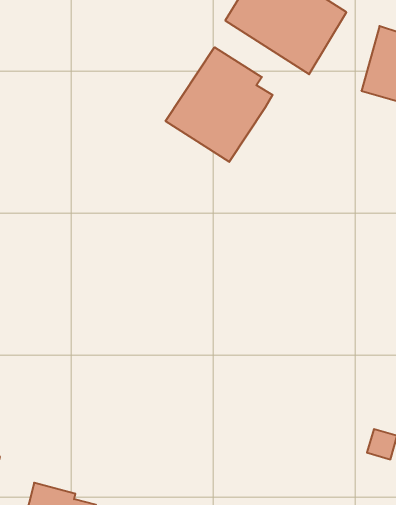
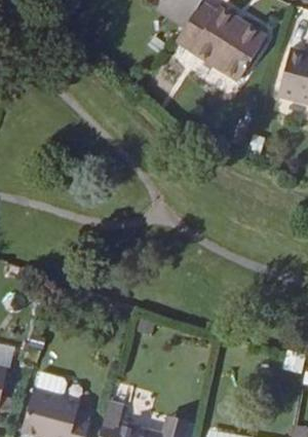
building: [166,47,273,162] -> none

